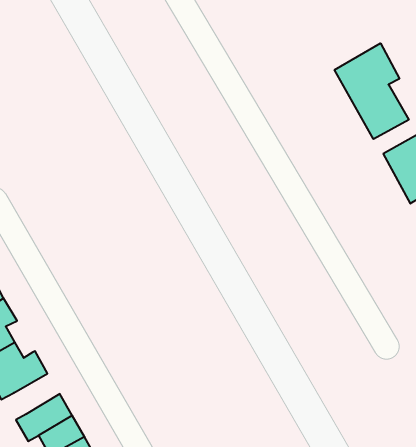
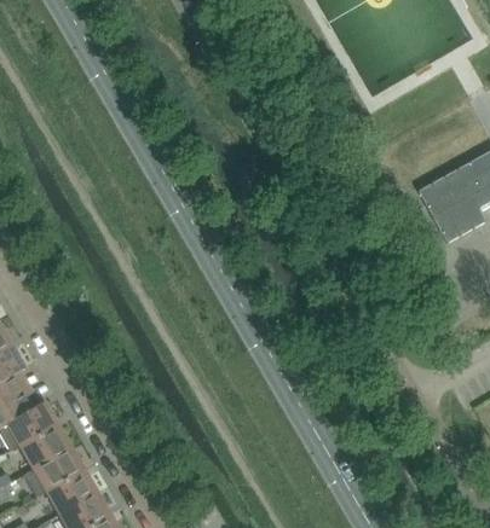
building: [335,43,409,139] -> none
building: none -> [21,425,70,469]

